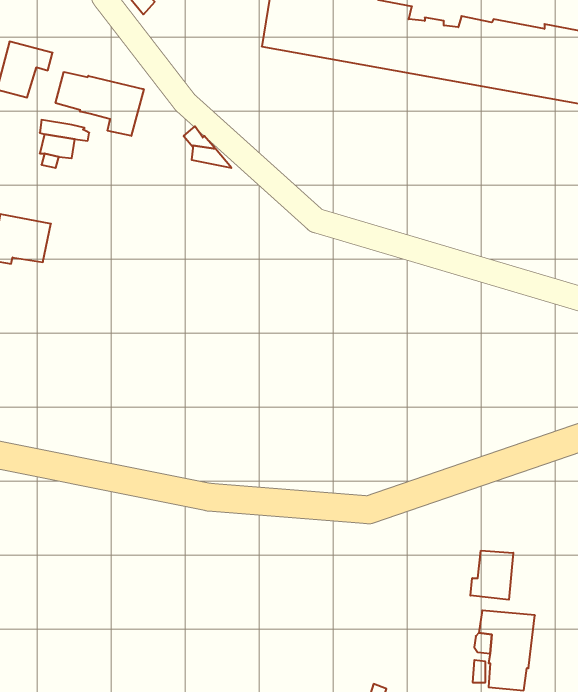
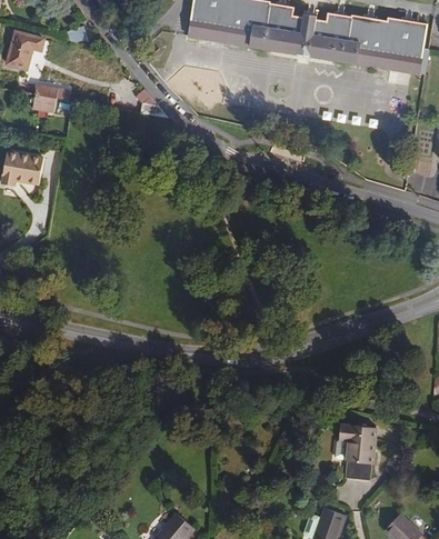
building: [56,72,144,136] -> none
building: [470,551,513,600] -> none

